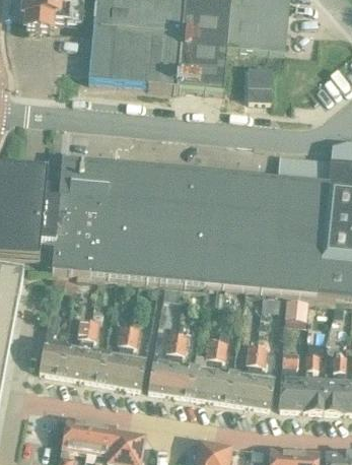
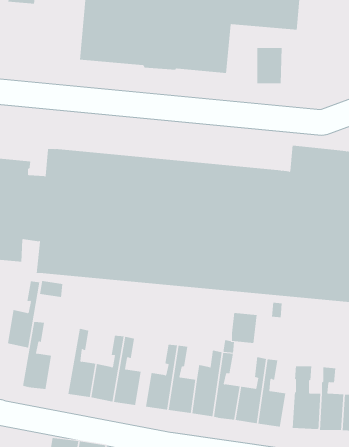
building: [285,297,308,325] -> [231,313,257,343]
building: [60,318,89,378] -> [7,281,40,348]

